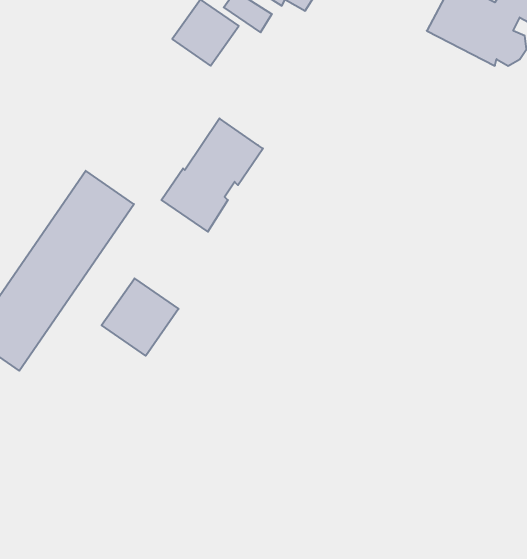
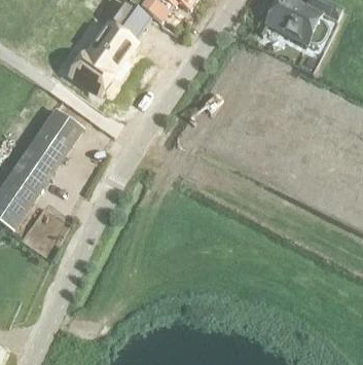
building: [161,118,263,232] -> [71,27,134,97]
building: [102,278,179,356] -> none

